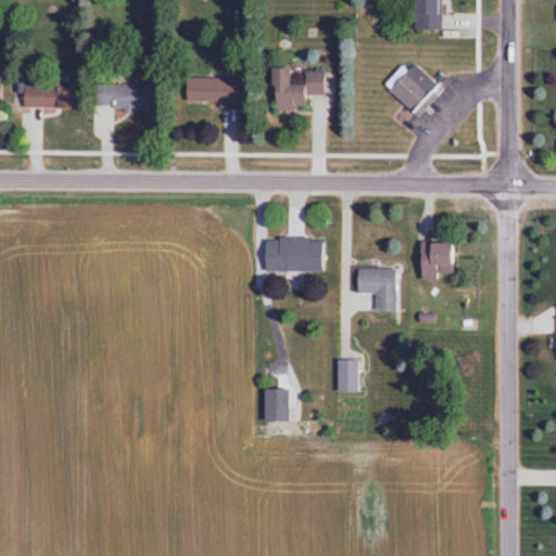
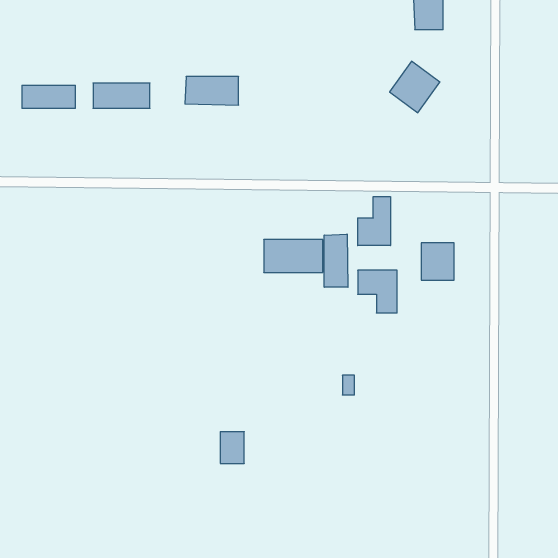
building: [269,66,326,109] -> none
building: none -> [358,197,390,246]
building: none -> [324,234,348,287]
building: [264,389,288,420] -> [220,432,244,463]

